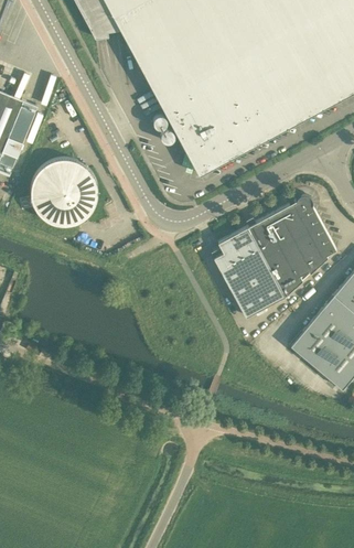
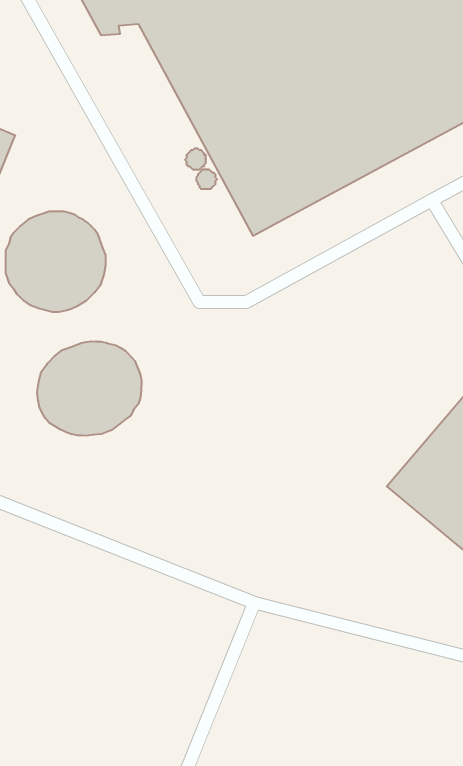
building: [213,194,335,316] -> none
building: none -> [37,341,142,436]

